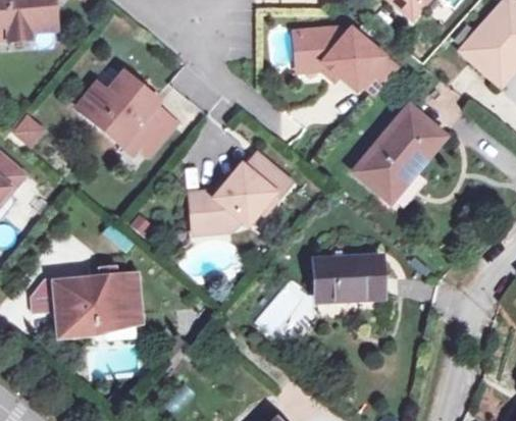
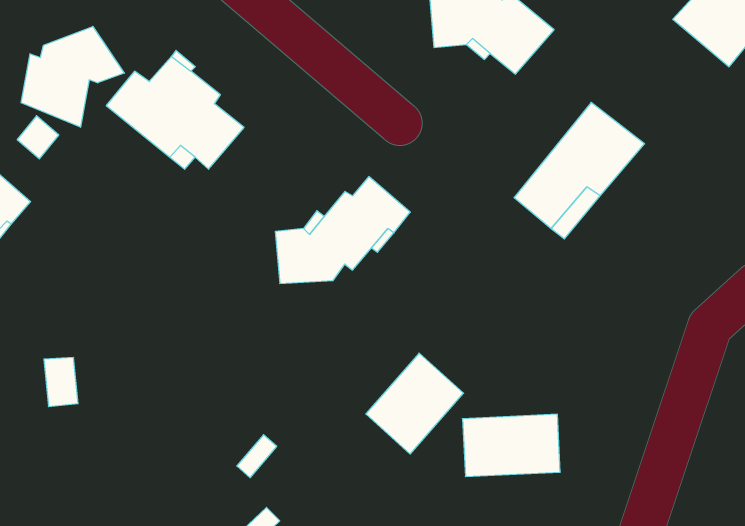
building: none -> [21,26,124,127]
building: [315,254,382,297] -> [462,414,560,477]
building: [56,274,137,333] -> none

